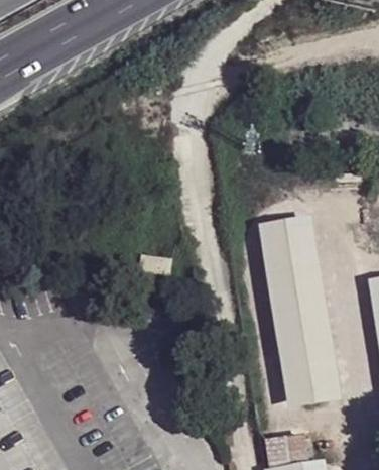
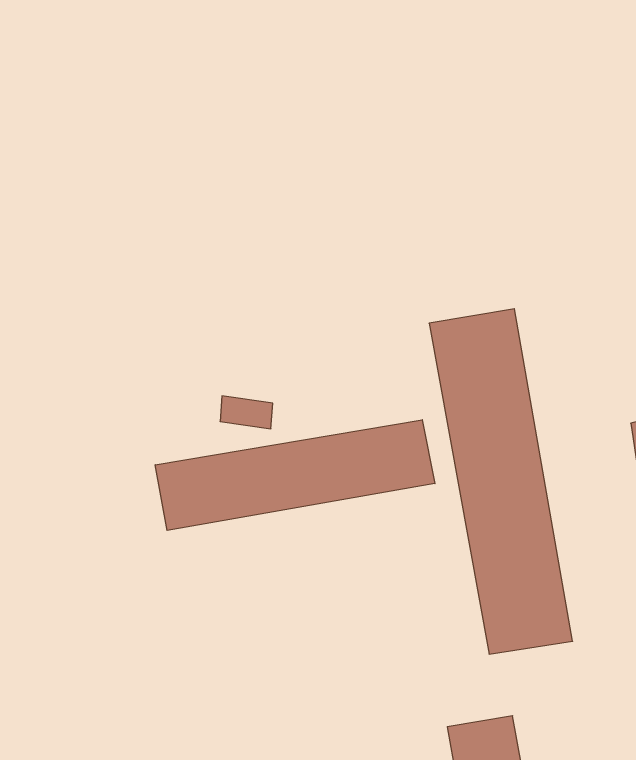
building: none -> [155,420,435,530]

